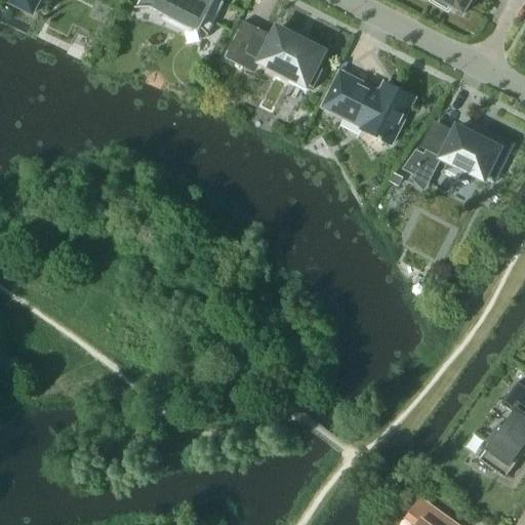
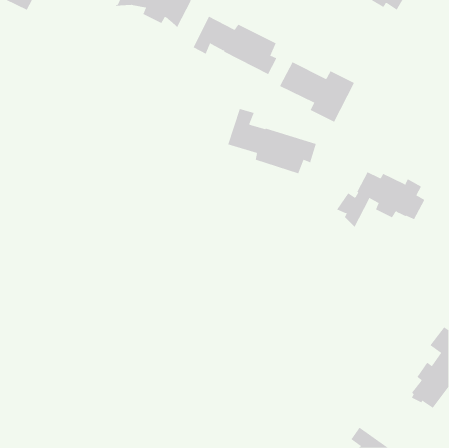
building: [402,124,506,190] -> [336,172,425,228]
building: none -> [227,108,317,174]

